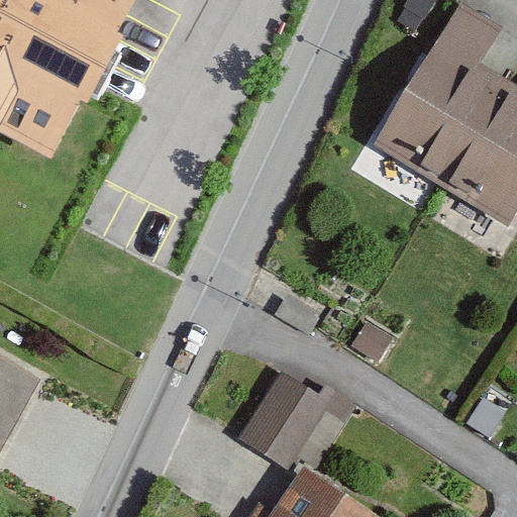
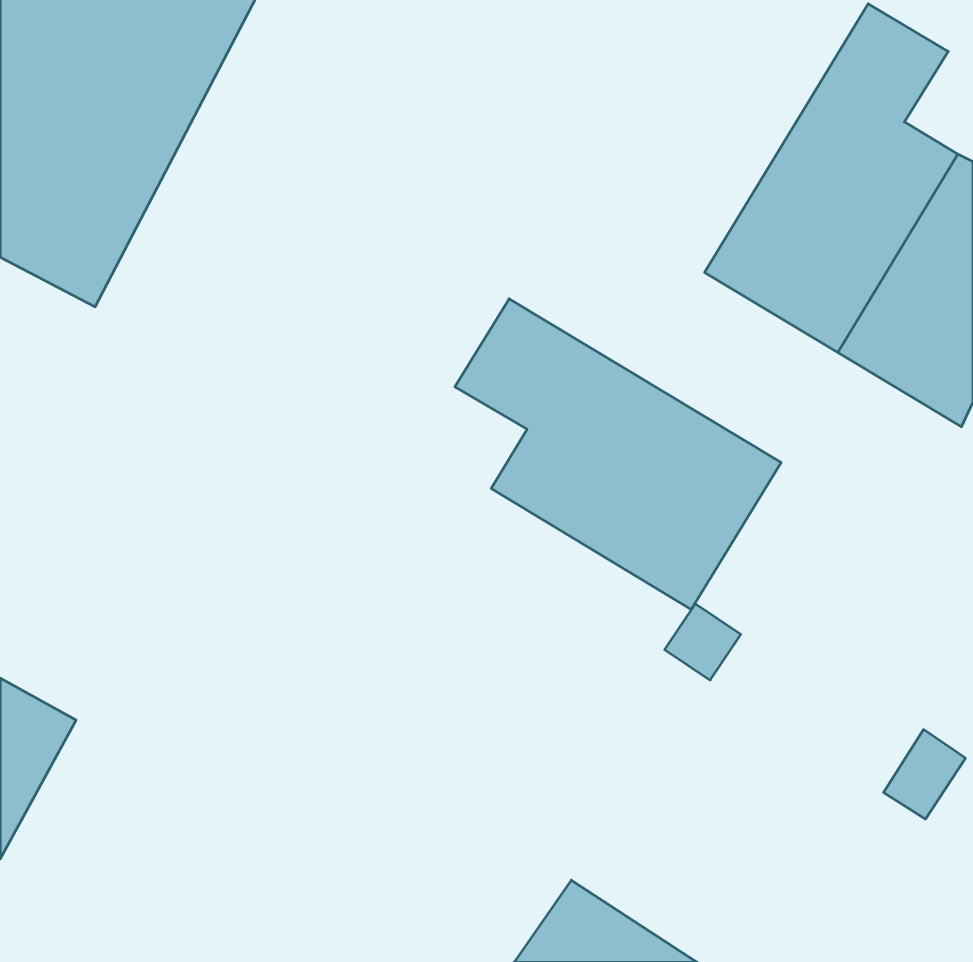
building: none -> [455,299,781,610]
building: [236,368,356,468] -> none

